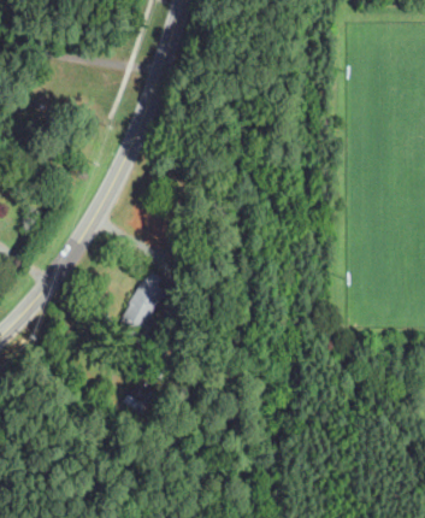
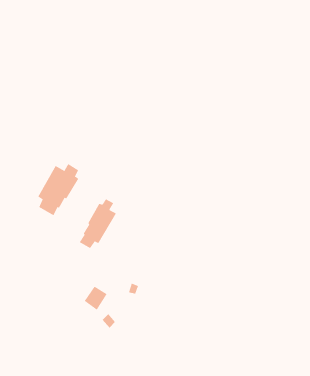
building: none -> [37,163,79,216]

